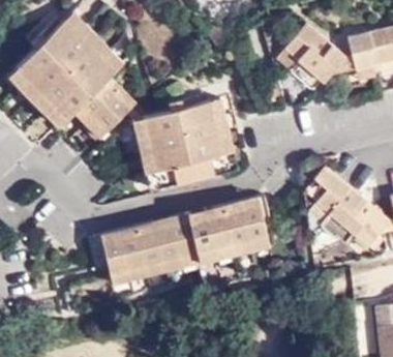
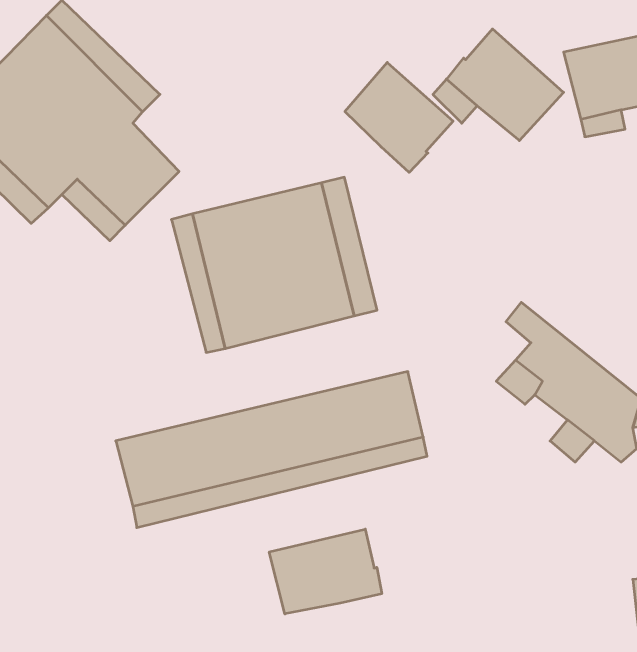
building: none -> [345,62,453,172]
building: none -> [269,529,382,614]

